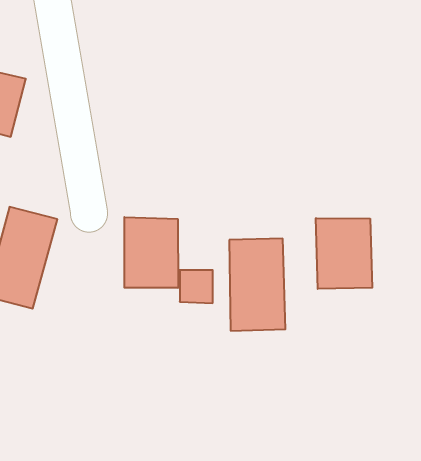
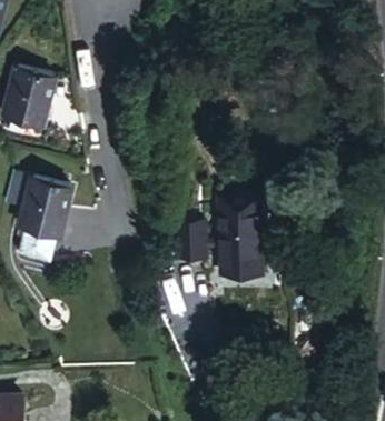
building: [124,217,178,288] -> none
building: [316,218,372,289] -> none

